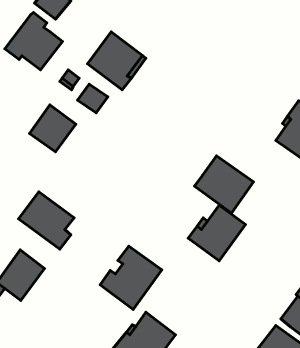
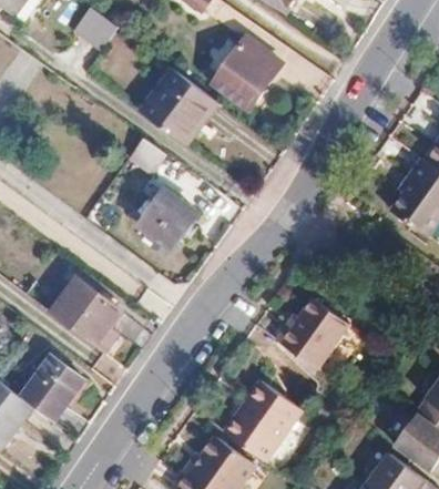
building: none -> [213,38,278,108]
building: [5,13,63,70] -> none
building: [29,105,76,152] -> [137,189,198,251]
building: [194,156,253,213] -> none
building: [100,246,162,309] -> [221,380,302,463]

